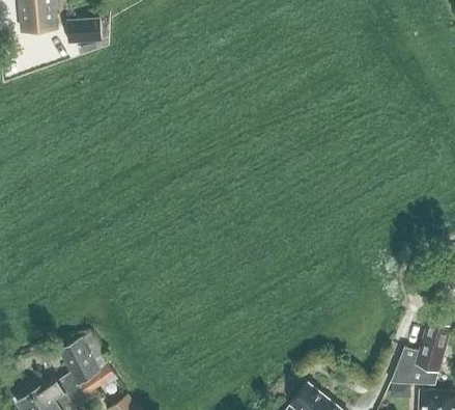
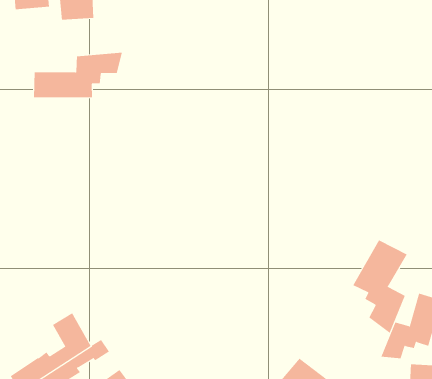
building: none -> [34,52,122,98]
building: none -> [353,240,407,334]

